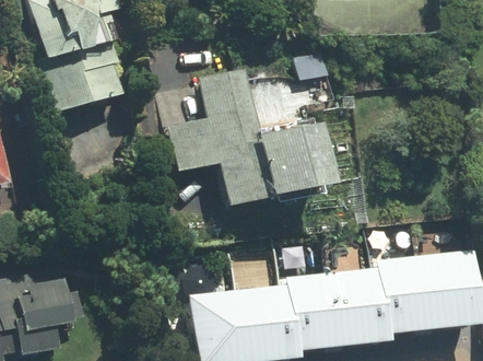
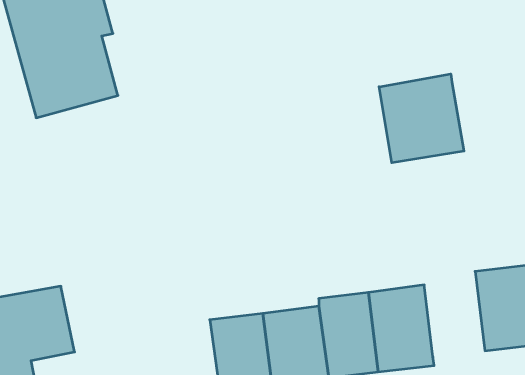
building: [163,72,321,211] -> none
building: none -> [379,74,464,163]
building: [391,253,446,328] -> none

